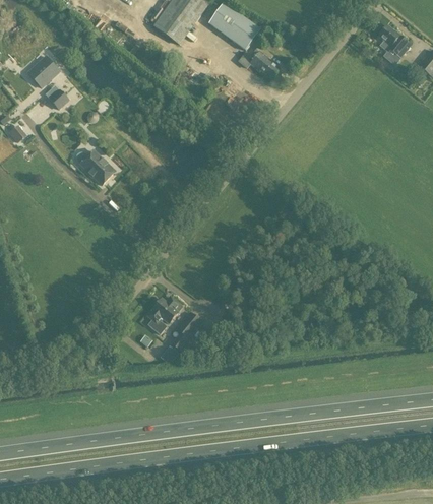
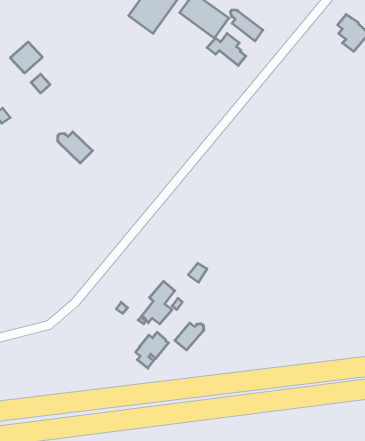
building: none -> [231,10,263,41]
building: [145,295,181,333] -> [136,332,169,368]
building: none -> [175,323,204,350]

